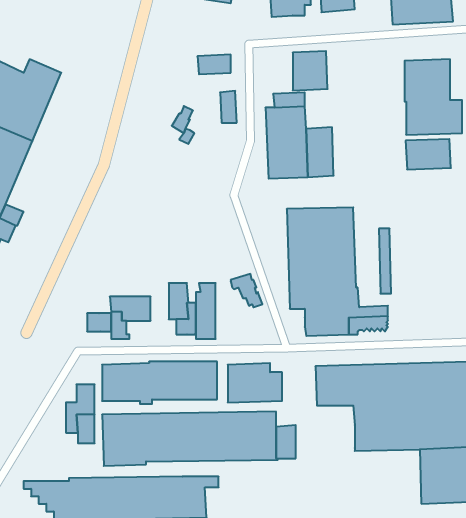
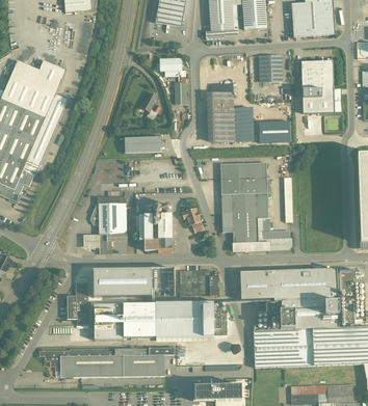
building: [293,51,328,90] -> [258,55,282,82]
building: [406,139,451,169] -> [258,121,289,142]
building: none -> [124,136,161,153]
building: none -> [90,202,126,223]
building: none -> [252,328,312,367]

